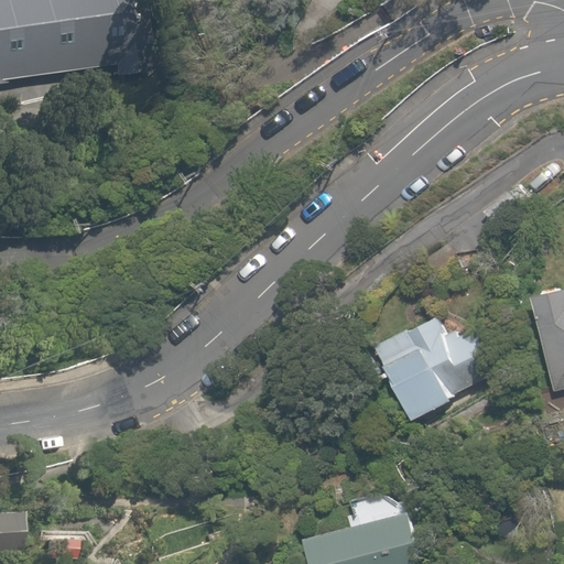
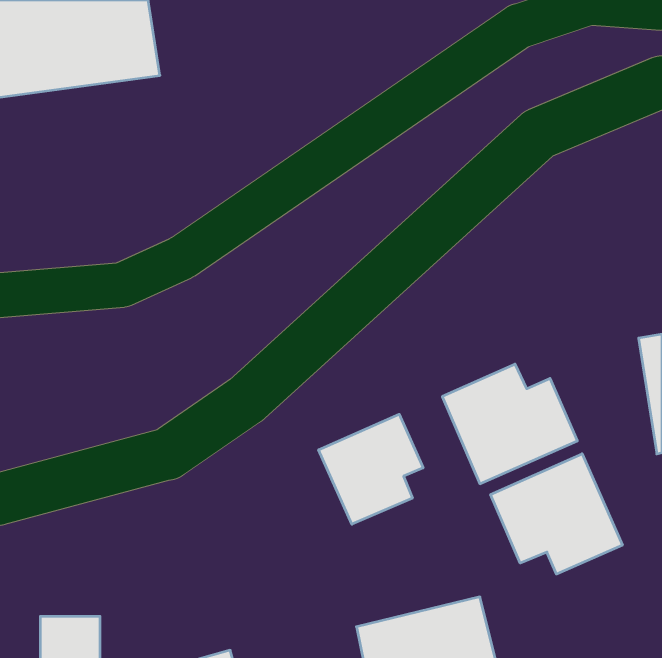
building: none -> [319,414,423,524]
building: none -> [491,454,622,574]

